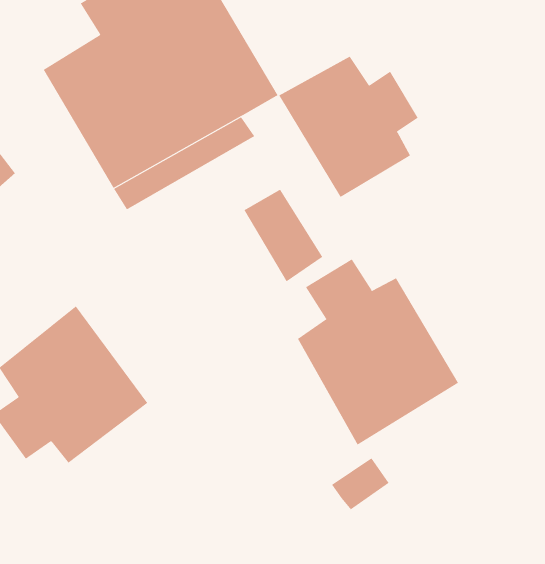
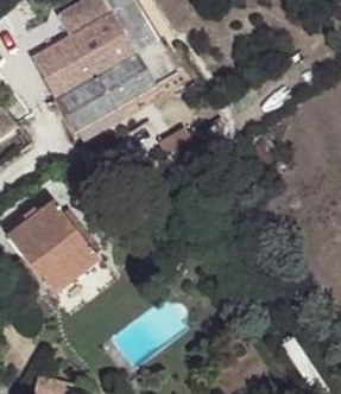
building: [278,56,419,198] -> none
building: [297,258,459,445] -> none

